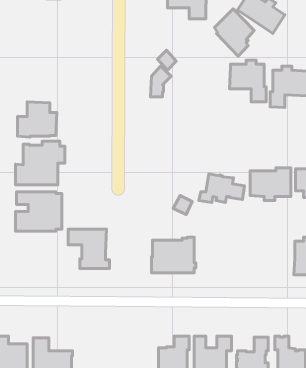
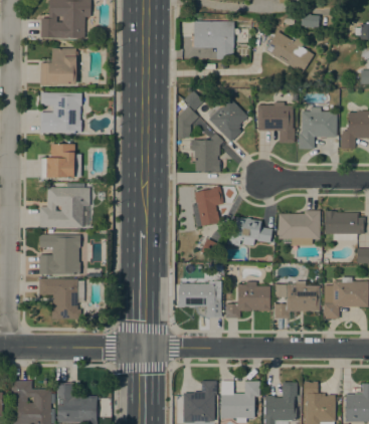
building: none -> [40,48,81,85]
building: [215,9,254,56] -> [207,93,247,142]
building: none -> [40,92,81,133]
building: none -> [191,134,223,171]
building: none -> [192,186,223,226]
building: [68,229,109,269] -> [39,278,81,319]
building: none -> [225,281,270,317]
building: none -> [274,281,319,317]

